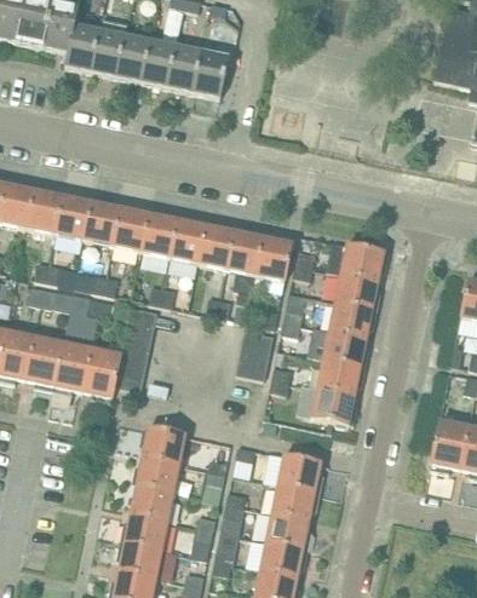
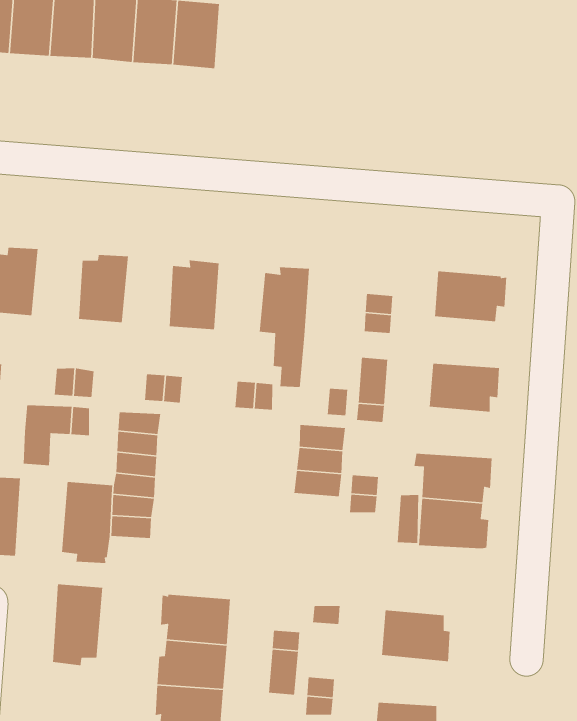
building: [84,197,120,246] -> none
building: [140,209,177,258] -> none
building: [199,222,235,269] -> none
building: [255,232,292,281] -> none
building: [334,274,380,311] -> none
building: [322,330,369,368] -> none
building: [53,341,92,396] -> [52,584,103,666]
building: [271,484,320,521] -> none

